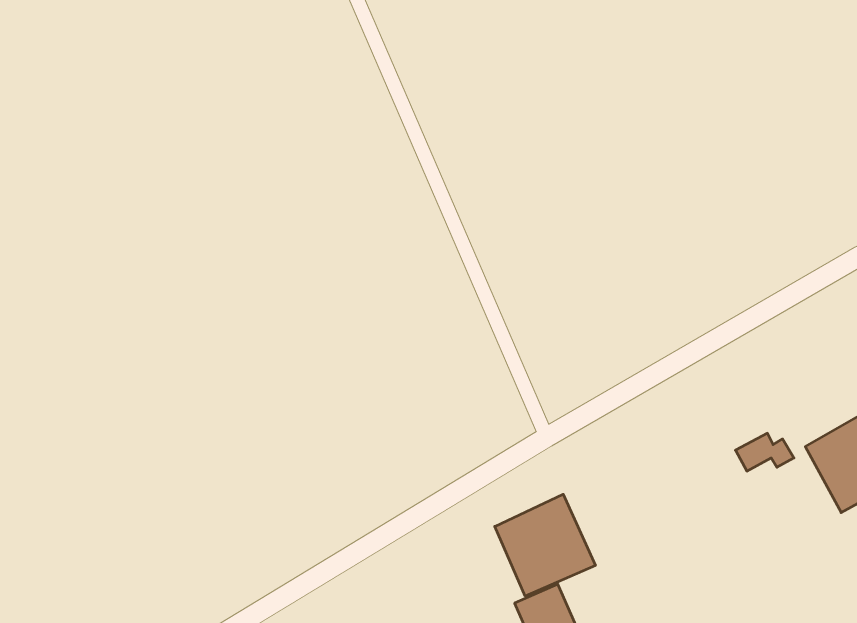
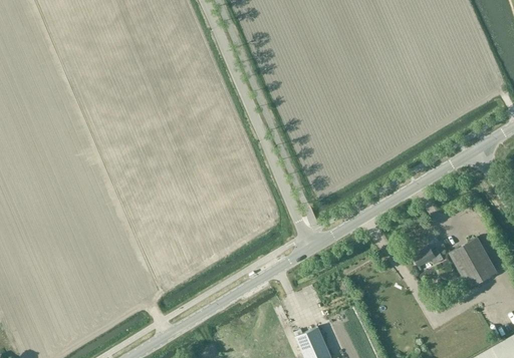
building: [495,494,595,596] -> none

